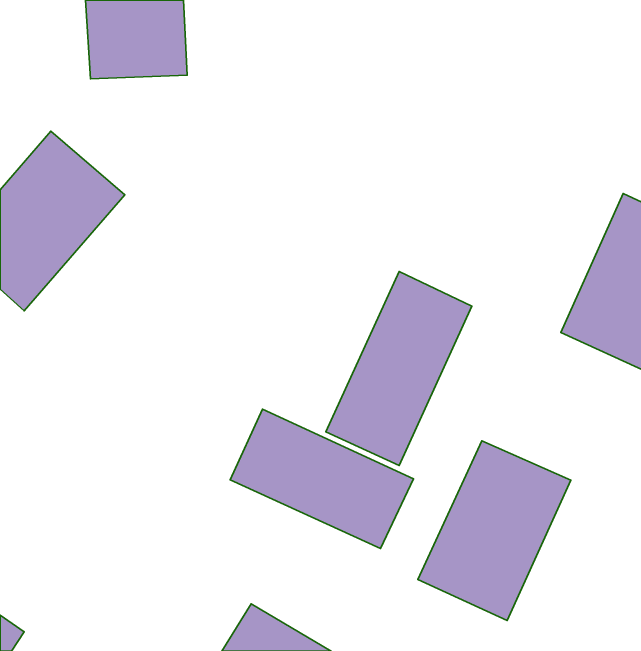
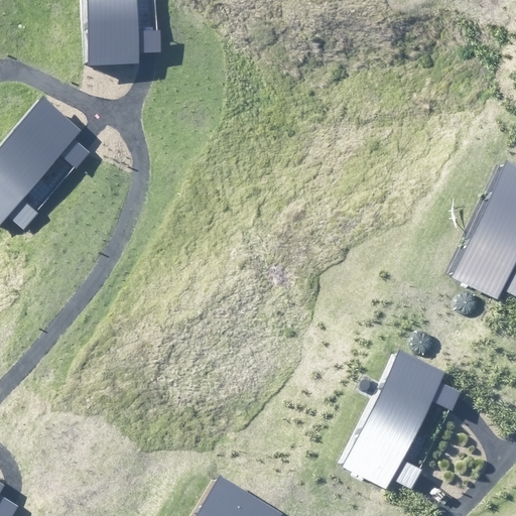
building: [326,272,472,465] -> none
building: [230,409,414,549] -> none

